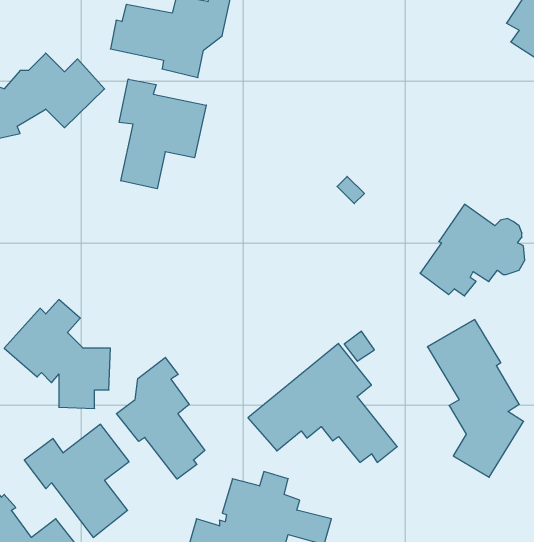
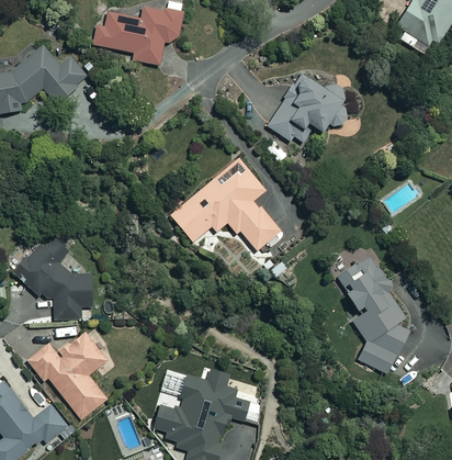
building: [119,79,206,189] -> none
building: [420,204,525,296] -> [268,71,348,142]
building: [248,343,397,462] -> [171,158,285,249]
building: [116,357,205,479] -> none

